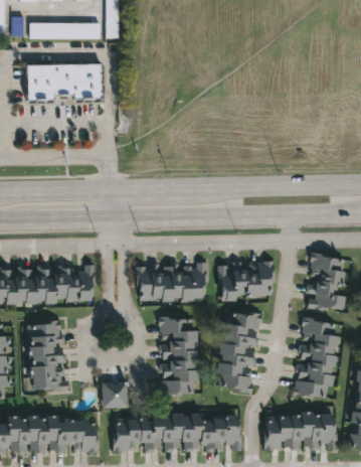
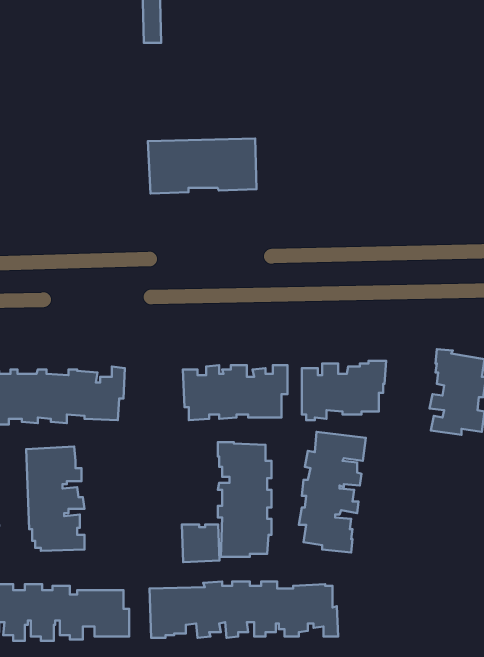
building: [30,24,101,39] -> none
building: [26,63,102,102] -> [148,138,257,194]
building: [293,316,338,399] -> none
building: [101,381,127,408] -> [182,524,220,562]
building: [263,411,337,450] -> none

